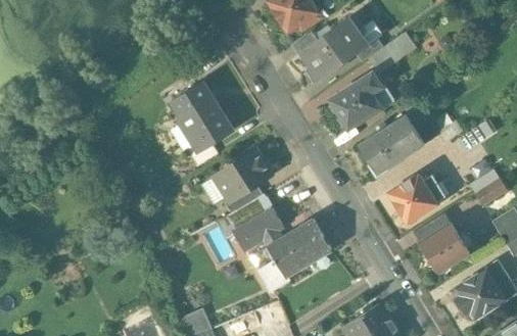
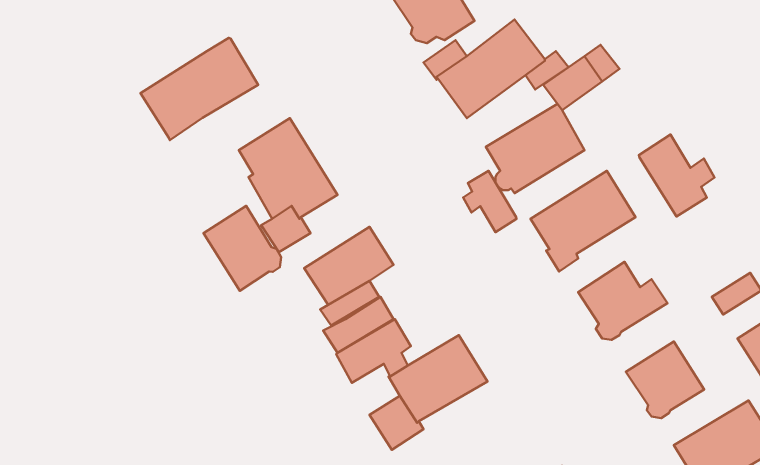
building: none -> [140,38,258,140]
building: none -> [639,135,715,216]
building: none -> [463,171,517,232]
building: none -> [203,206,281,291]

